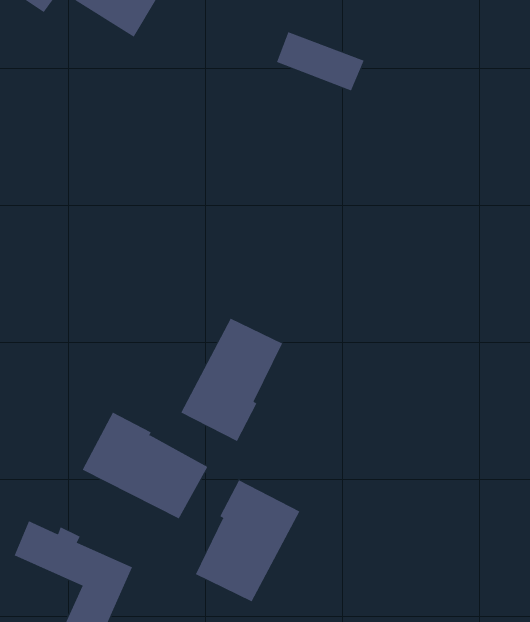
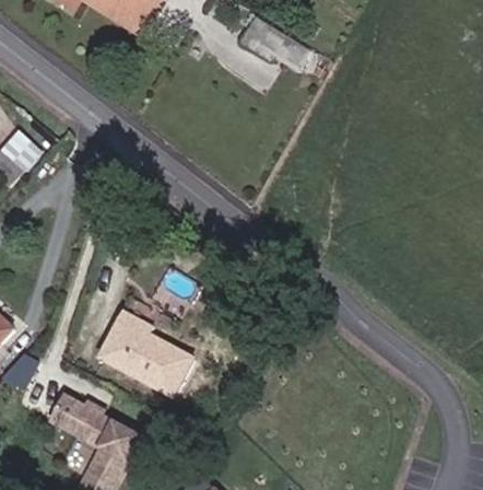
building: [181,318,283,442] -> none
building: [195,480,300,602] -> none

